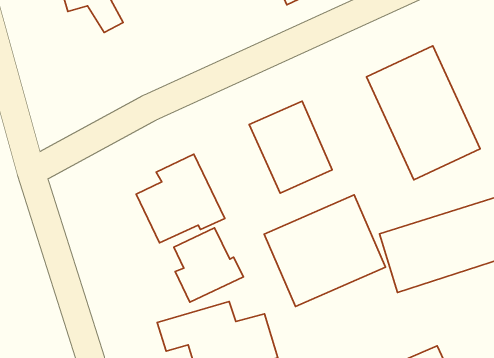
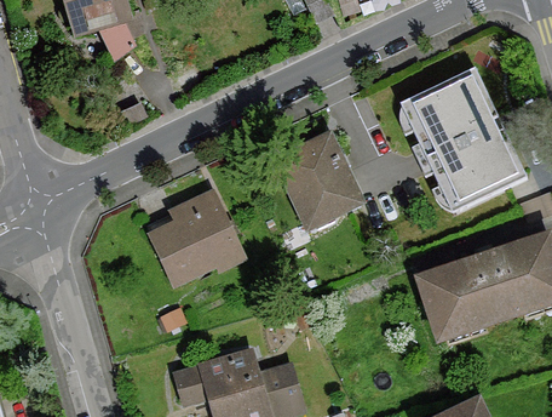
building: [264,195,386,307] -> none
building: [174,228,243,302] -> none

